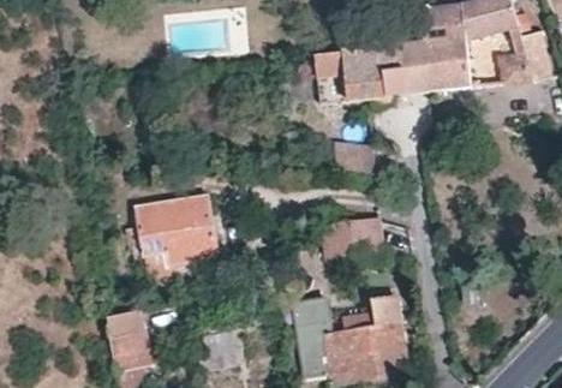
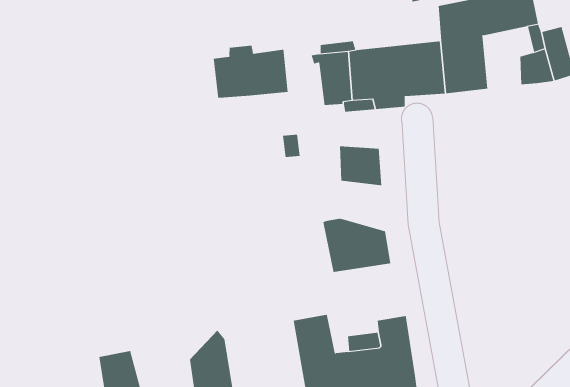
building: none -> [213,45,288,98]
building: [132,193,217,264] -> none

